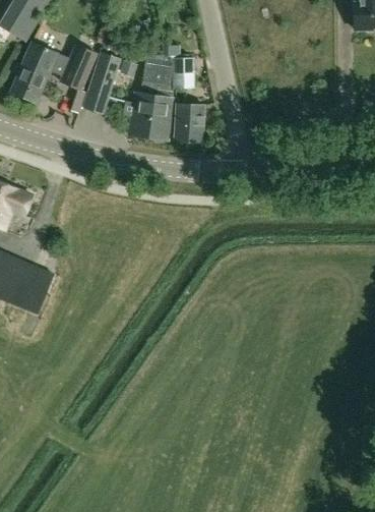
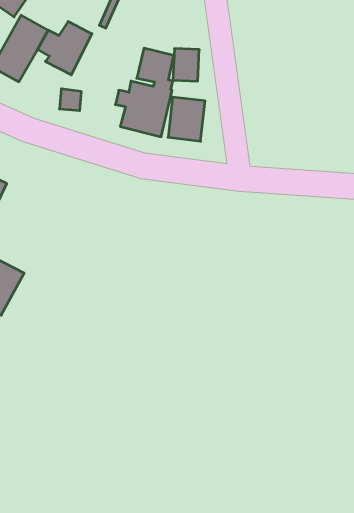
building: [87,52,121,96] -> none

